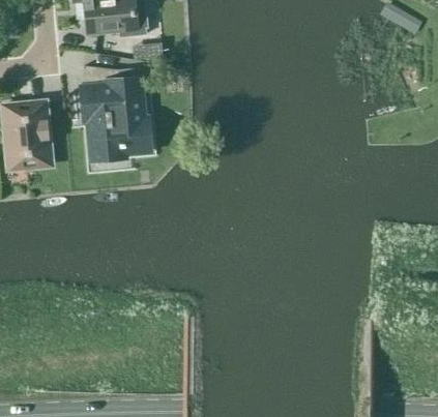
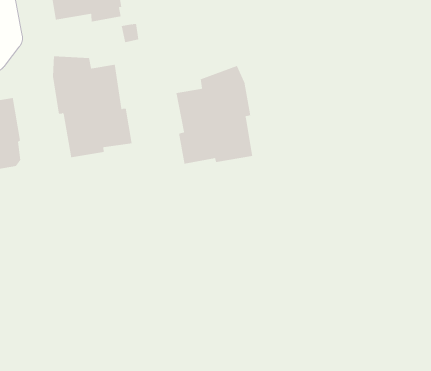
building: none -> [176,65,253,165]

